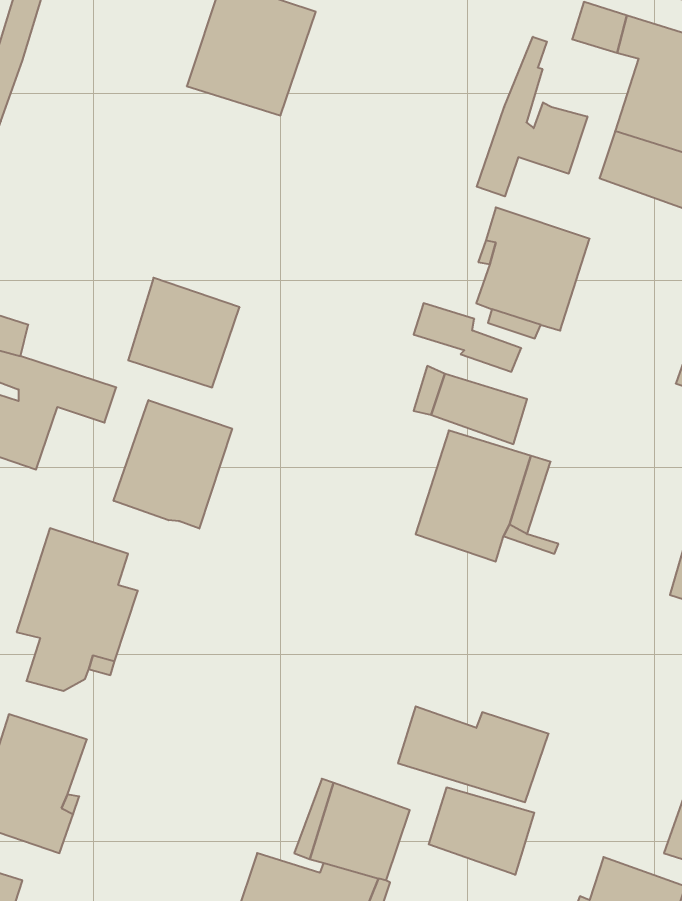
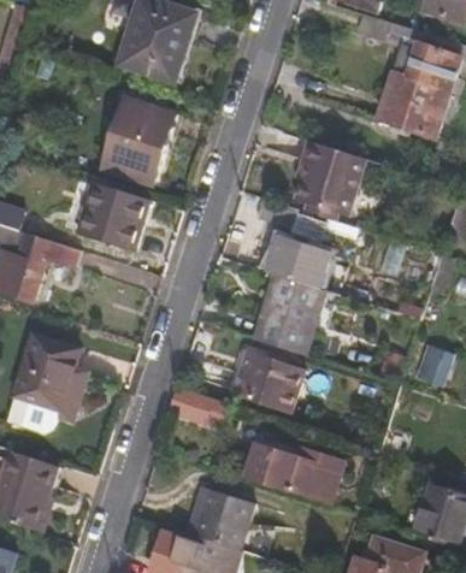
building: [477,37,587,196] -> none
building: none -> [99,99,175,183]
building: [114,400,232,529] -> none
building: none -> [235,355,305,410]
building: none -> [167,385,214,424]
building: [429,787,534,875] -> none

